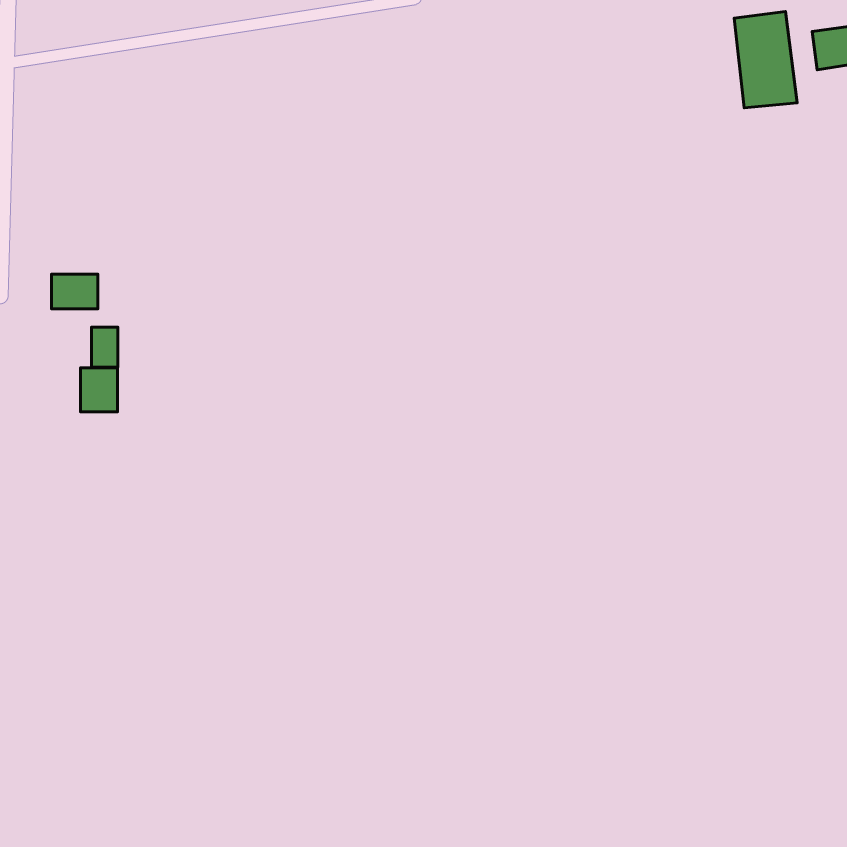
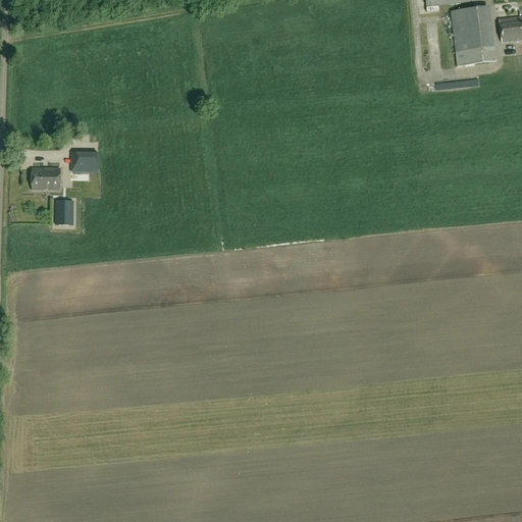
building: none -> [70,152,99,171]
building: [81,368,118,412] -> none

